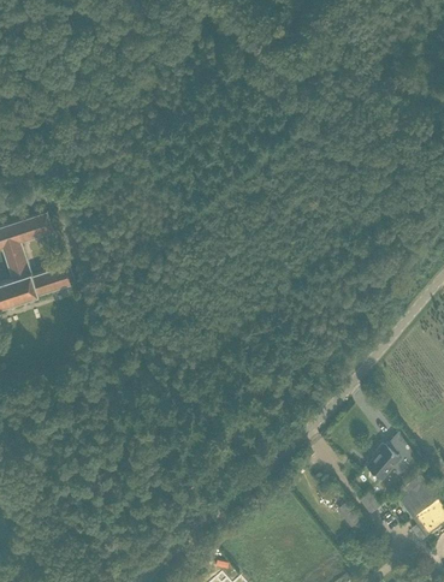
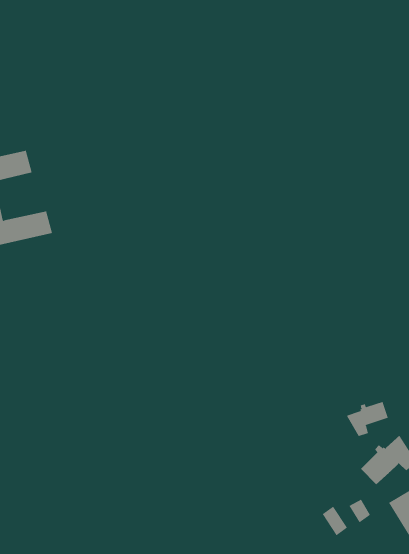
building: none -> [346,401,389,437]

